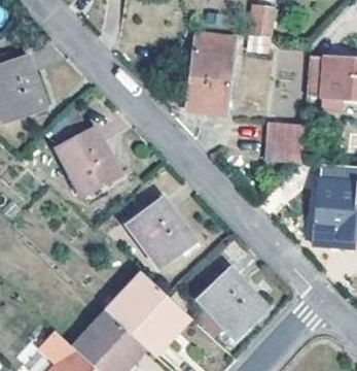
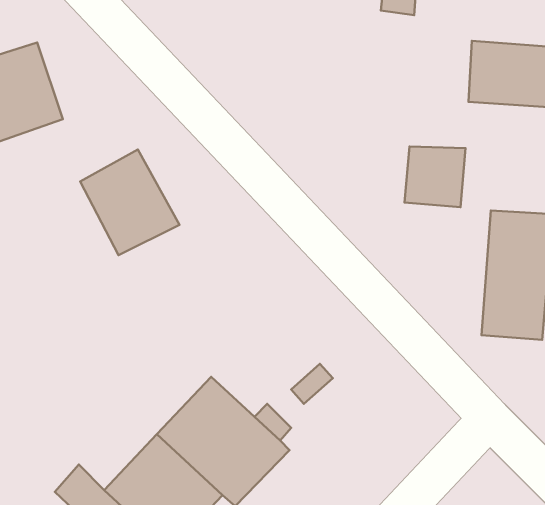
building: [188,34,234,115] -> none
building: [127,200,193,267] -> none
building: [198,270,266,339] -> none

